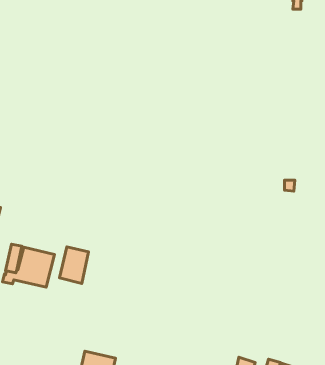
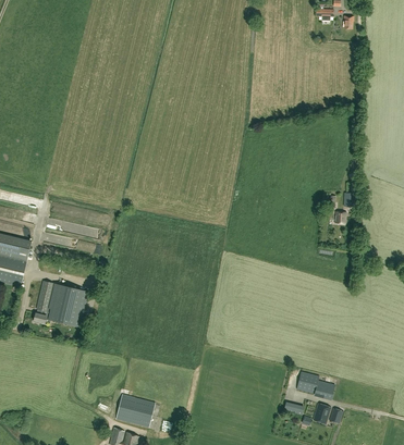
building: [60,247,88,283] -> none
building: none -> [295,370,334,397]

